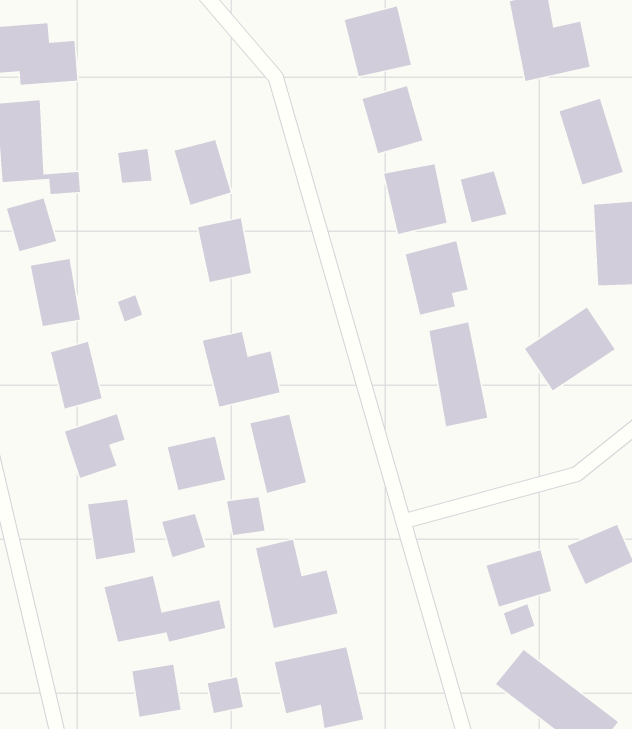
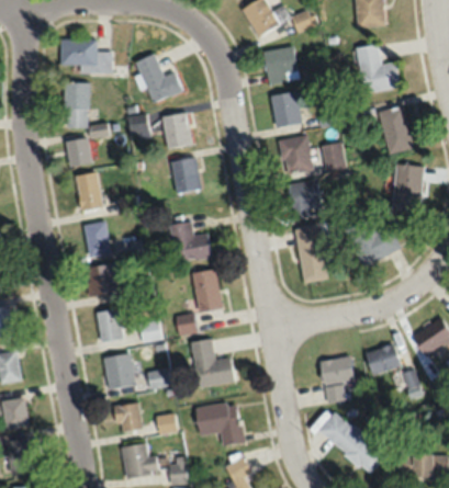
building: none -> [135,54,182,103]
building: [167,436,226,491] -> none

